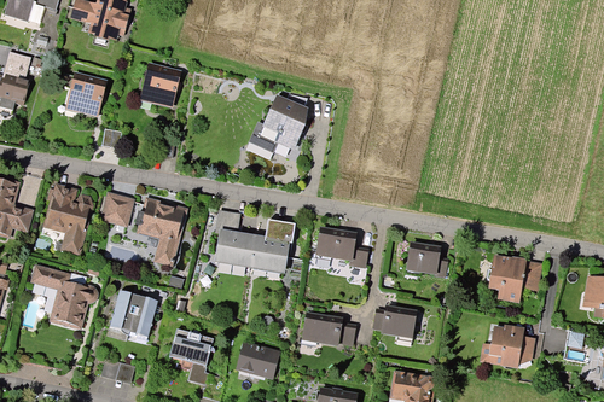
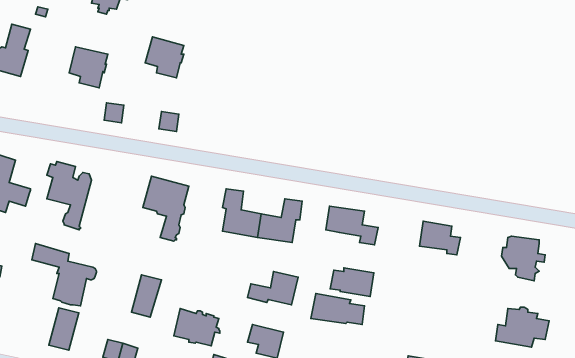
building: [250,94,307,150] -> none
building: [101,194,132,225] -> none
building: [109,291,138,332] -> [49,308,79,350]
building: none -> [247,272,298,305]
building: [372,308,414,336] -> [330,268,374,296]

